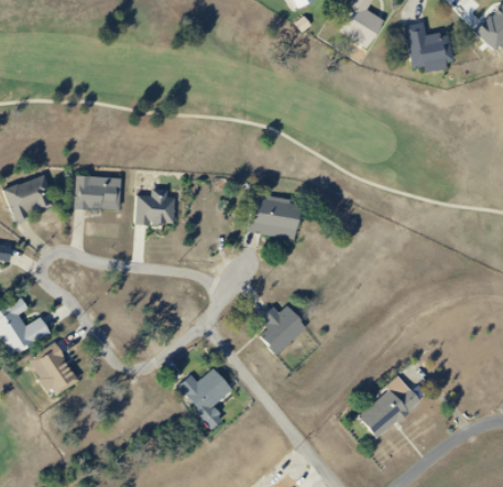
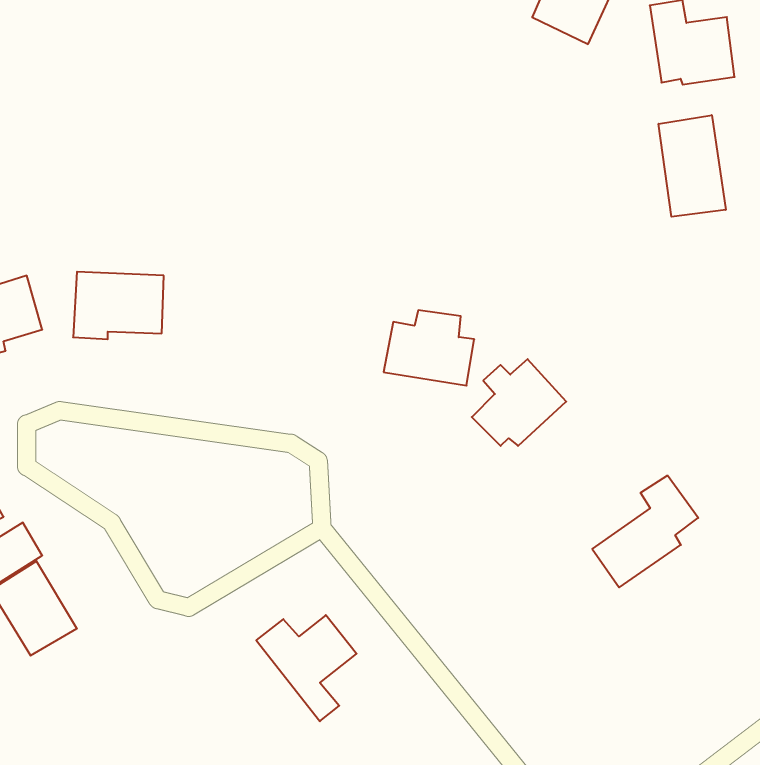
building: none -> [659,115,726,217]
building: [138,186,177,227] -> none
building: [259,304,313,354] -> [472,359,566,446]
building: [358,372,418,436] -> [592,476,698,587]

